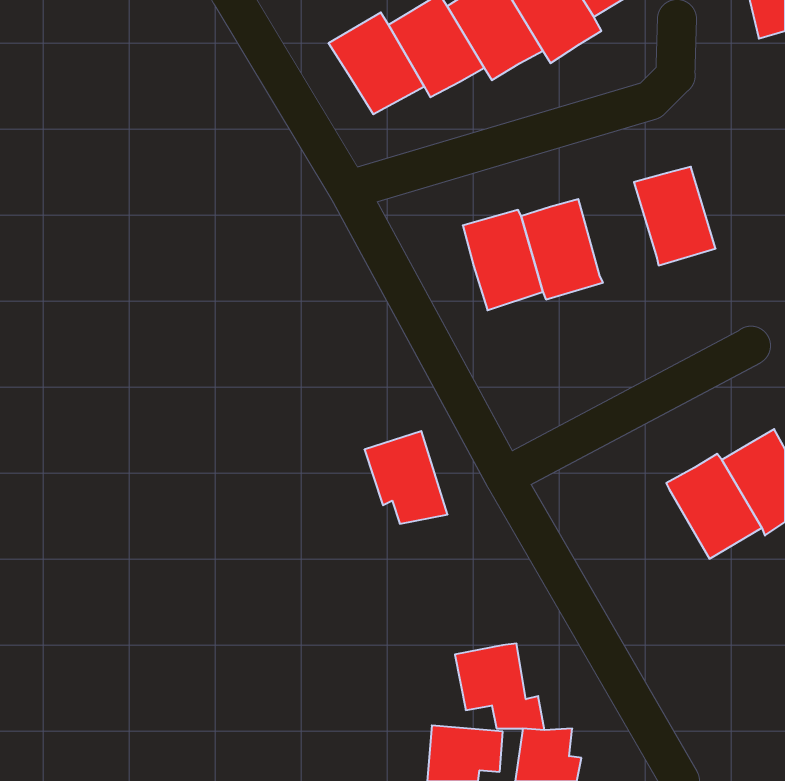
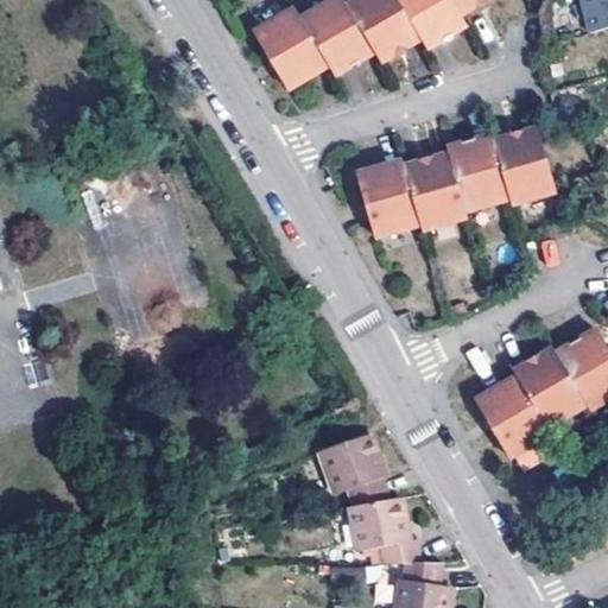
building: none -> [444,135,506,213]
building: [364,431,448,524] -> [323,432,387,504]
building: none -> [476,376,549,456]

